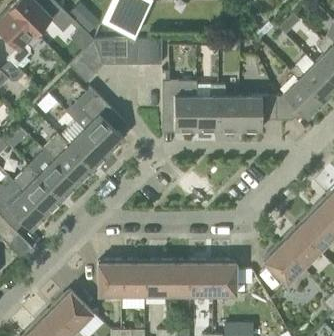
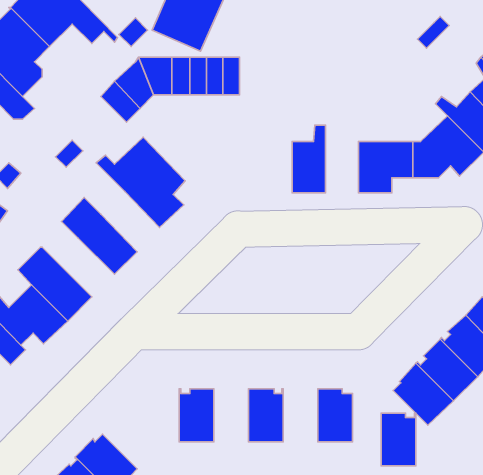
building: [162,82,196,131] -> none
building: [218,86,240,131] -> none
building: [69,130,108,170] -> none
building: [30,161,78,200] -> none
building: [98,261,121,296] -> none
building: [144,261,167,296] -> none
building: [190,261,213,296] -> [381,413,416,466]

